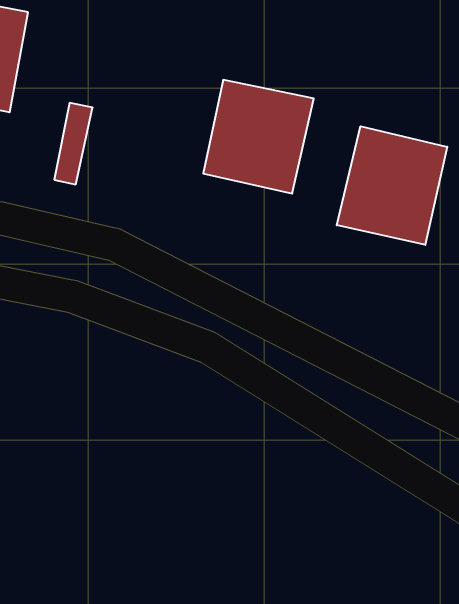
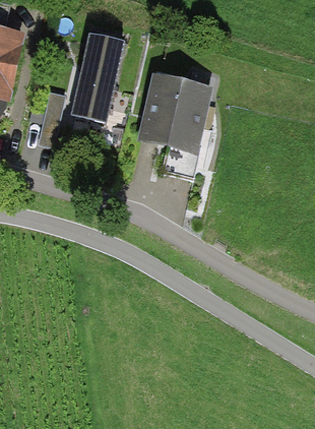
building: none -> [72,34,121,118]
building: [337,126,447,245] -> none

